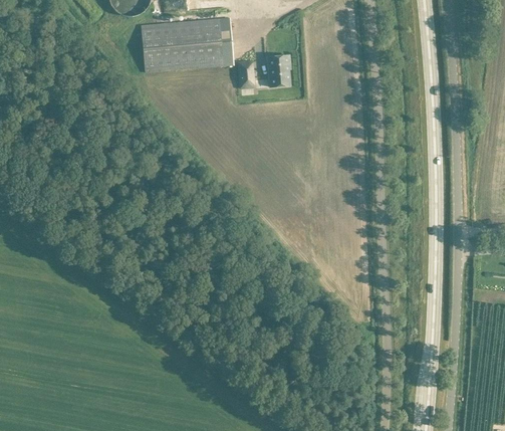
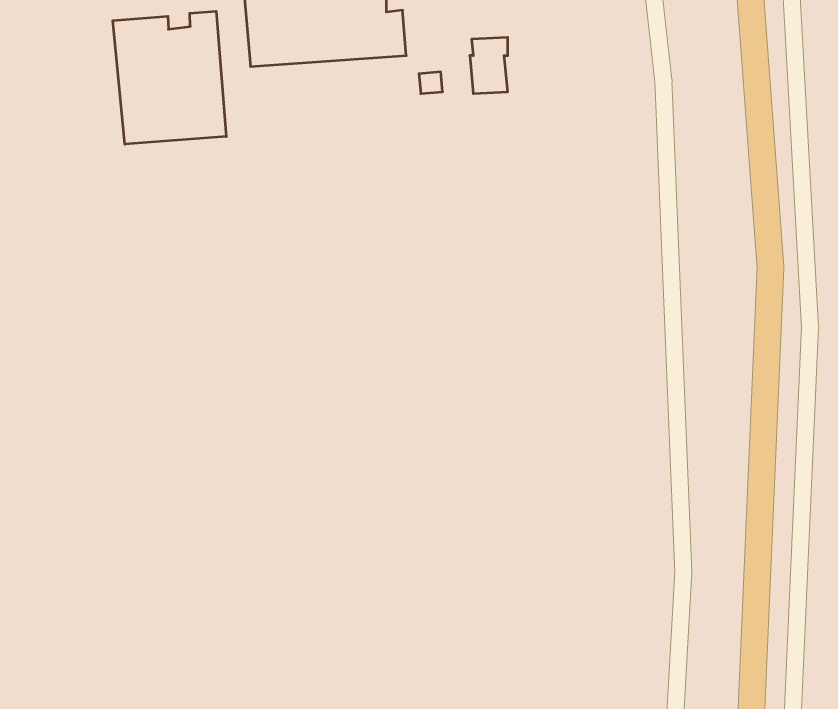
building: none -> [113,11,226,144]

